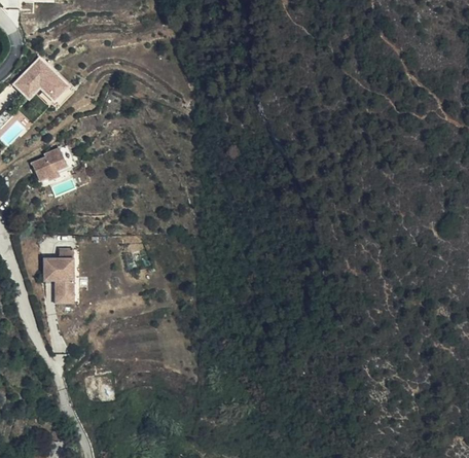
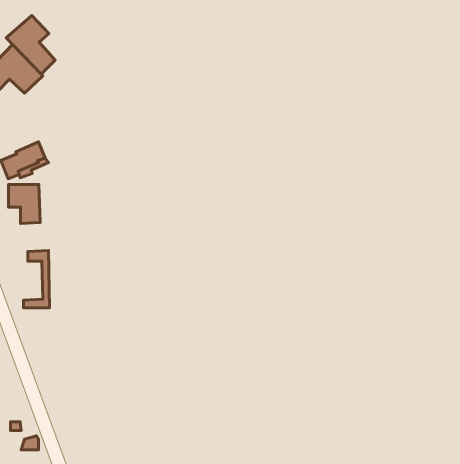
building: none -> [6,15,55,74]
building: [39,260,69,297] -> [9,184,40,223]

